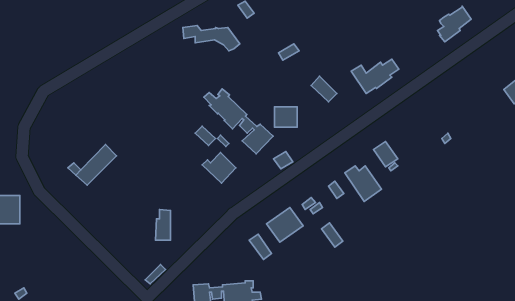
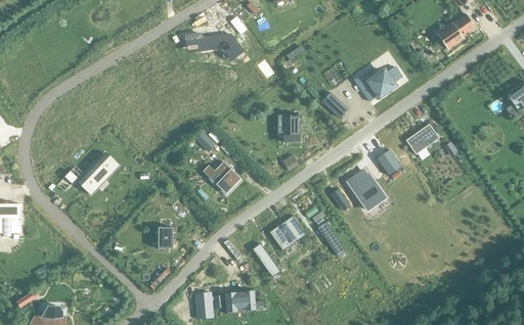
building: [204,89,273,154] -> none
building: none -> [405,123,438,152]

